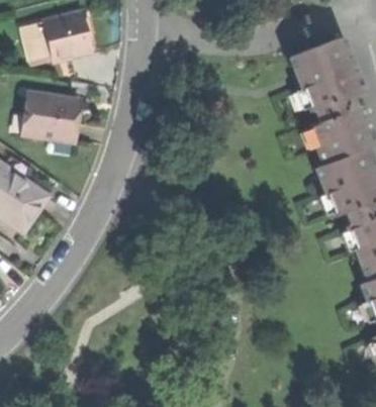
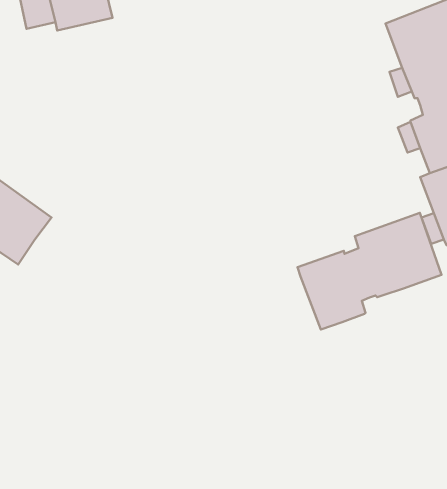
building: [24,92,81,140] -> none
building: none -> [298,213,441,329]

